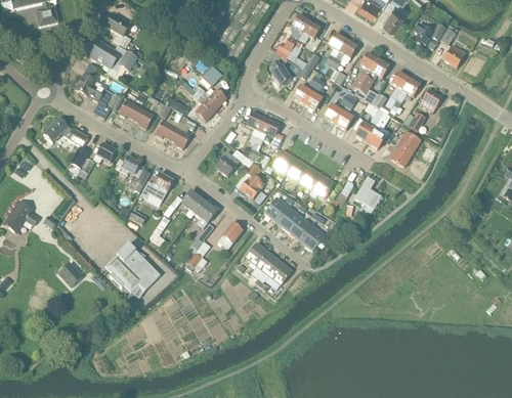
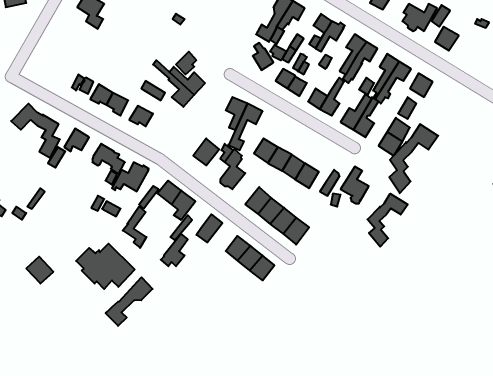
building: [88,40,137,78] -> none
building: [75,74,103,101] -> none
building: [170,115,196,148] -> none
building: none -> [389,124,438,193]
building: none -> [367,194,408,247]
building: none -> [106,277,153,326]

